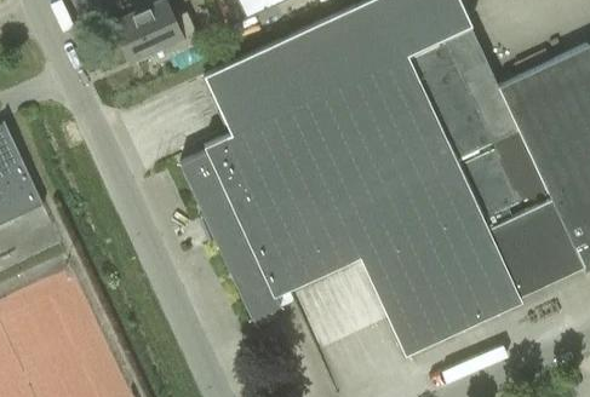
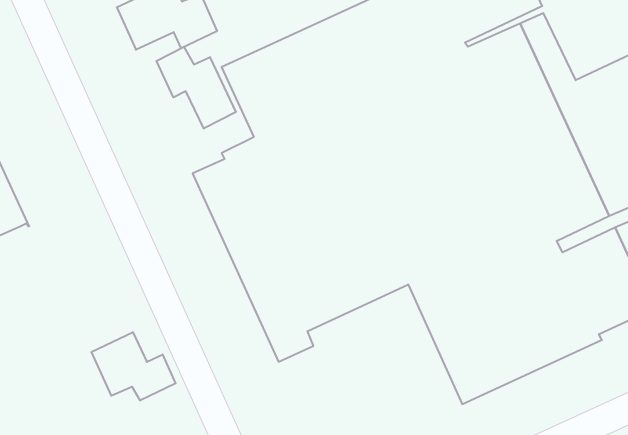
building: none -> [156,47,236,129]
building: none -> [91,332,176,401]

